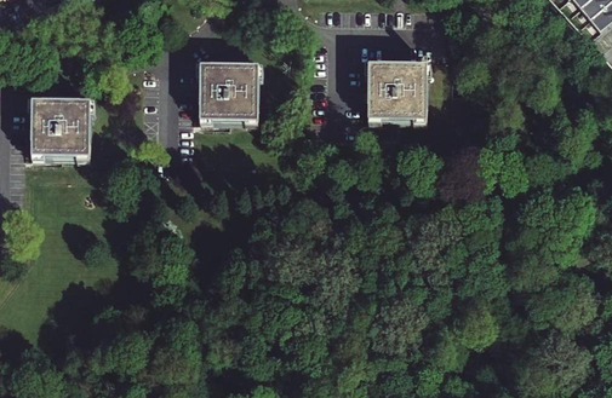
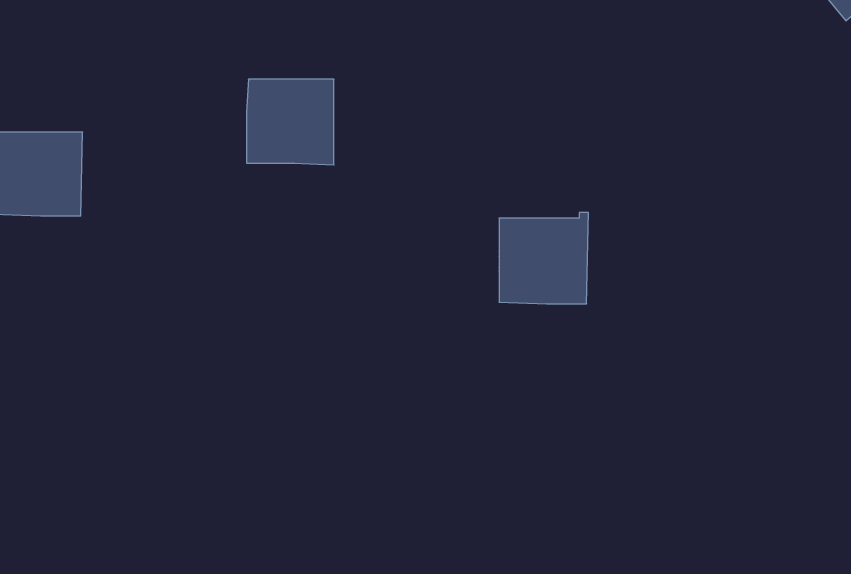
building: [371,59,430,120] -> [499,213,588,304]

